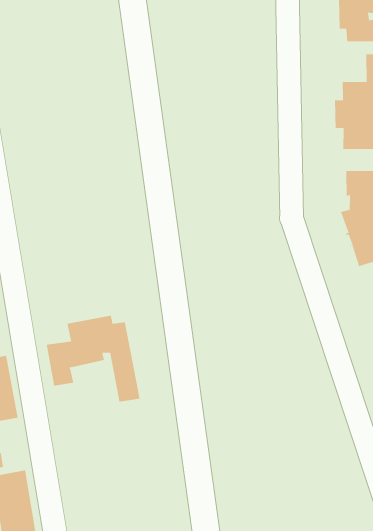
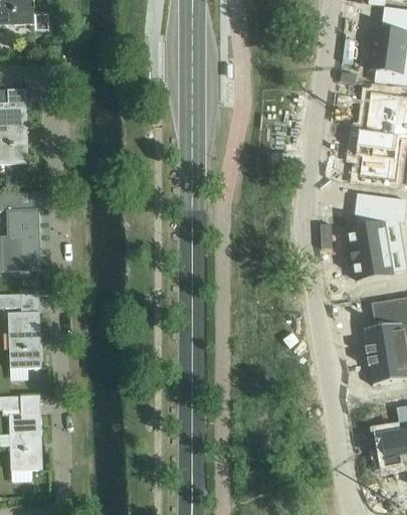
building: [46,315,140,402] -> none

